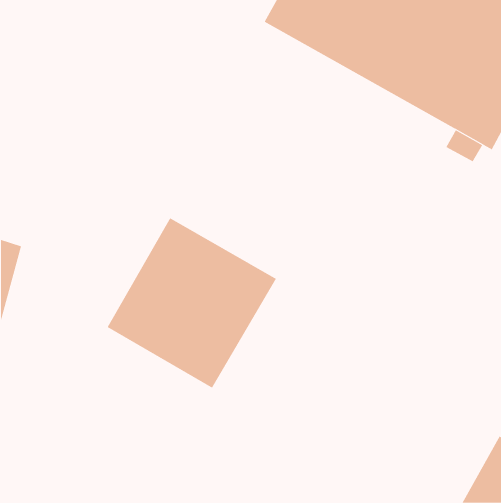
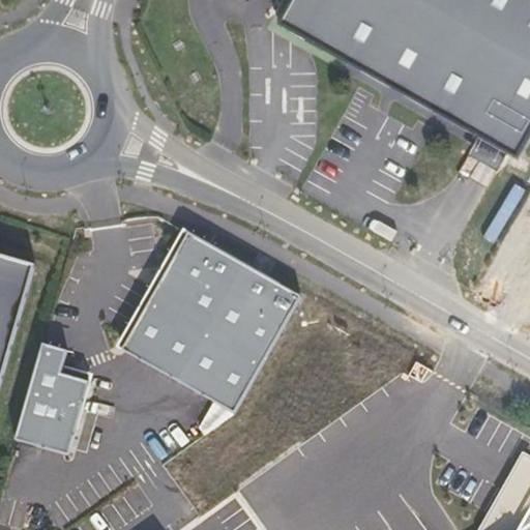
building: none -> [23,343,93,452]

